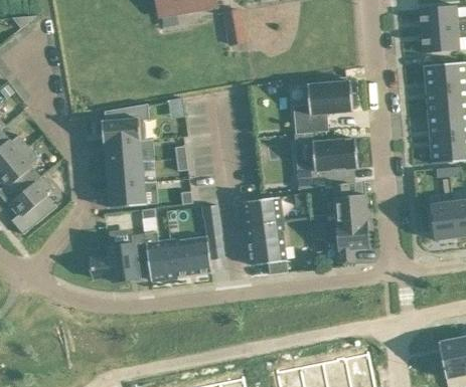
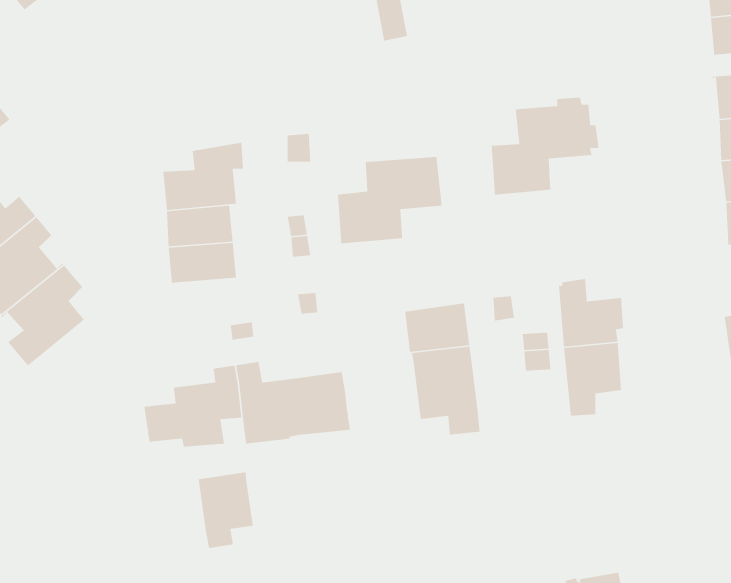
building: [296,139,357,190] -> [337,156,442,244]
building: [107,183,147,207] -> none
building: none -> [198,472,254,549]

